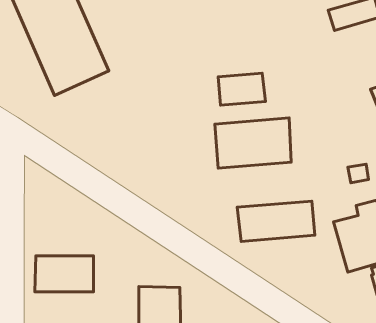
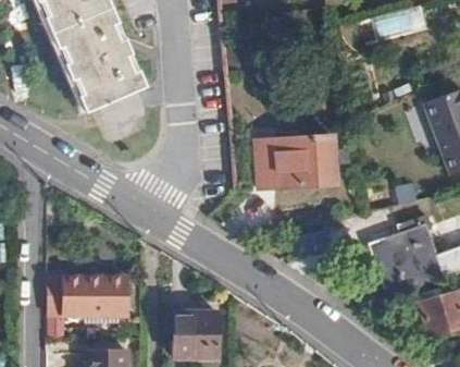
building: [218,73,265,105] -> none
building: [237,201,315,241] -> none

